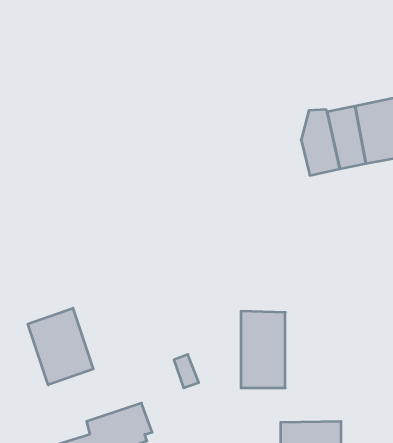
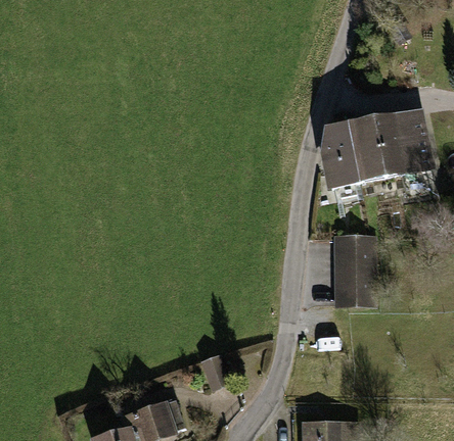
building: [28,308,93,385] -> none
building: [241,311,285,388] -> [334,232,376,304]

